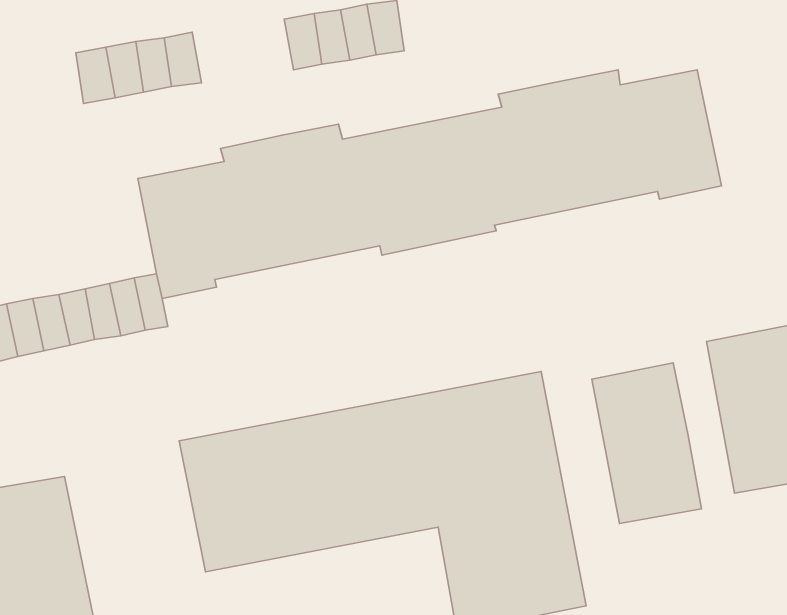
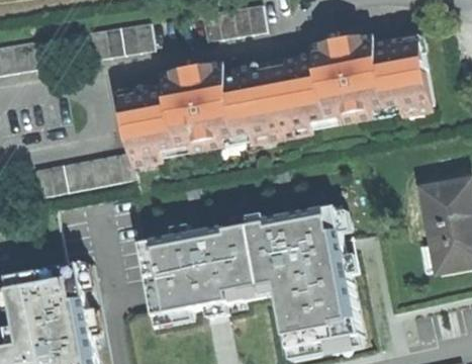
building: [592,363,701,524] -> none

